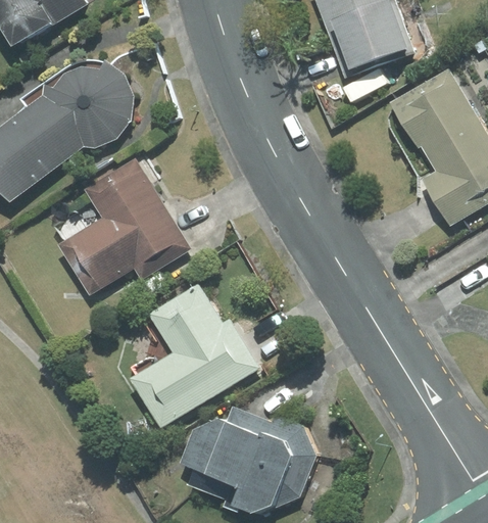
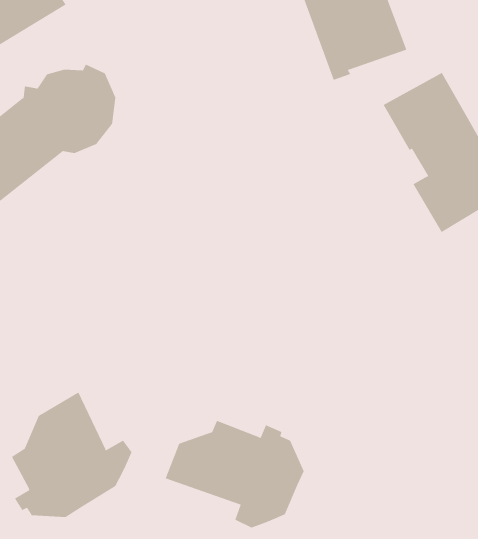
building: [58,159,189,294] -> none
building: [130,283,257,428] -> none
building: none -> [11,391,132,518]

